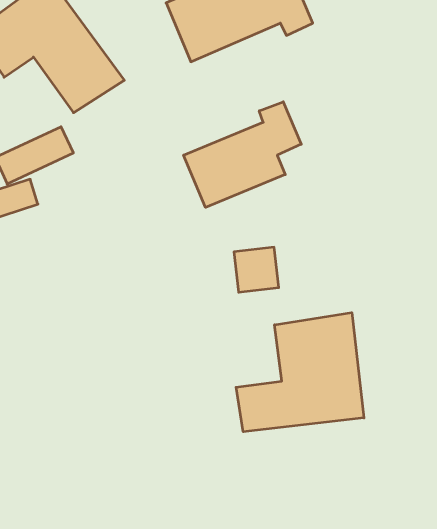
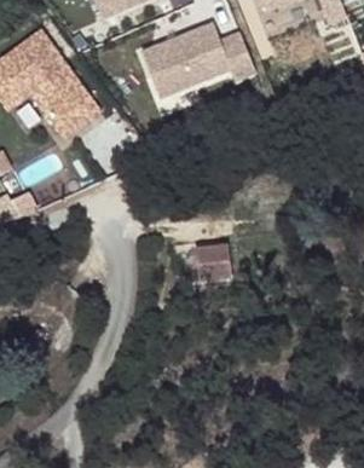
building: [184,102,301,207] -> none
building: [236,313,364,432] -> none

